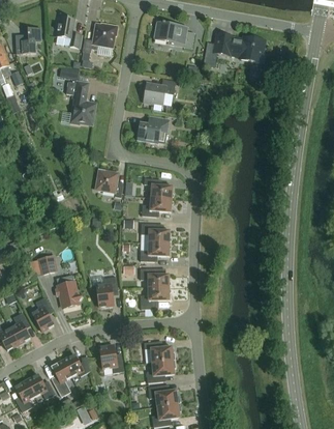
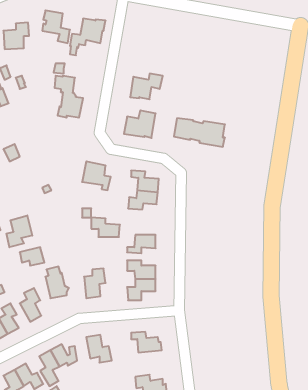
building: [153,21,193,49] -> none
building: [213,34,265,63] -> [174,118,225,147]
building: none -> [6,215,32,247]
building: [141,224,170,244] -> [91,218,120,237]
building: [146,361,176,383] -> none

